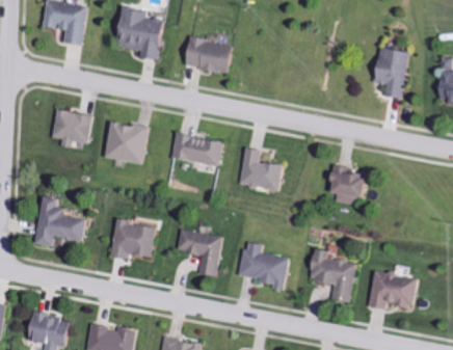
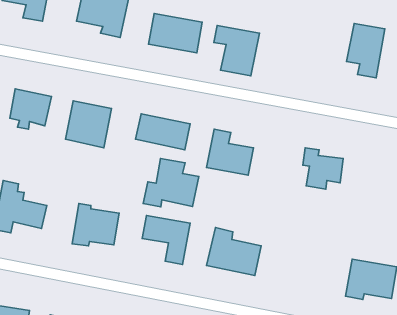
building: none -> [214,25,259,76]
building: none -> [143,158,199,207]
building: [311,248,357,303] -> none

